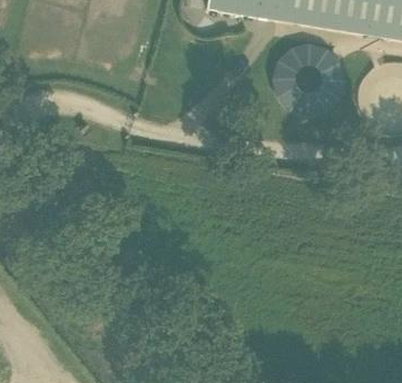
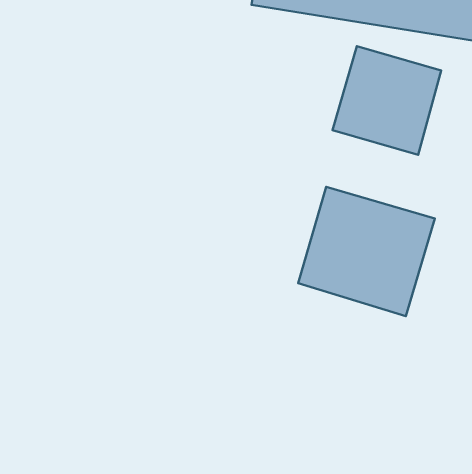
building: none -> [298,187,435,316]

